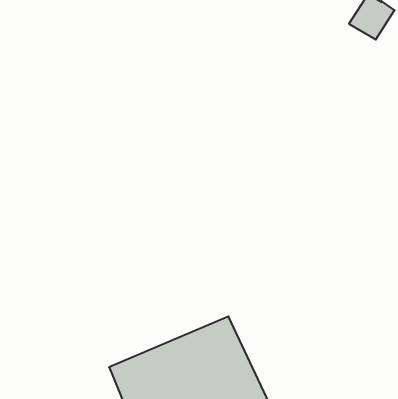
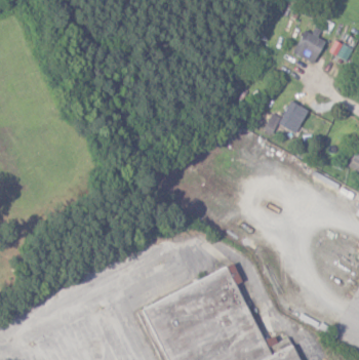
building: none -> [266,101,309,132]

